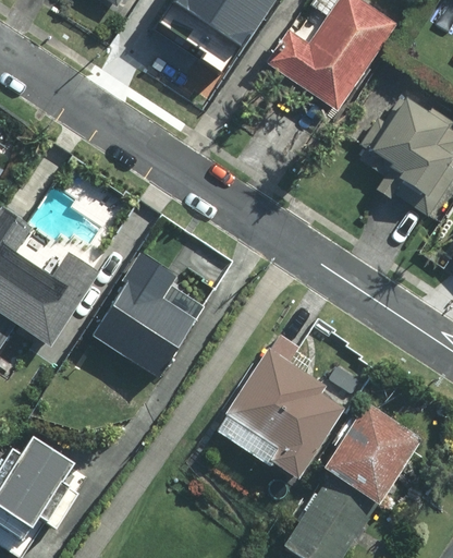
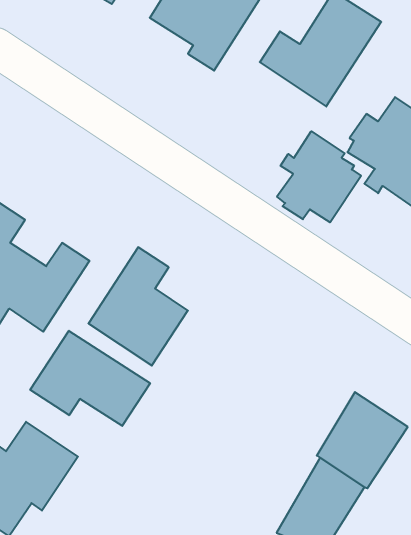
building: none -> [277,131,361,222]
building: [226,335,343,478] -> none
building: none -> [30,331,150,426]

